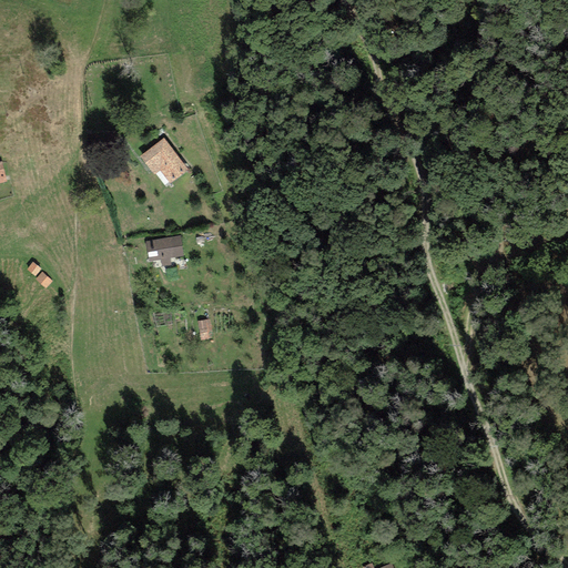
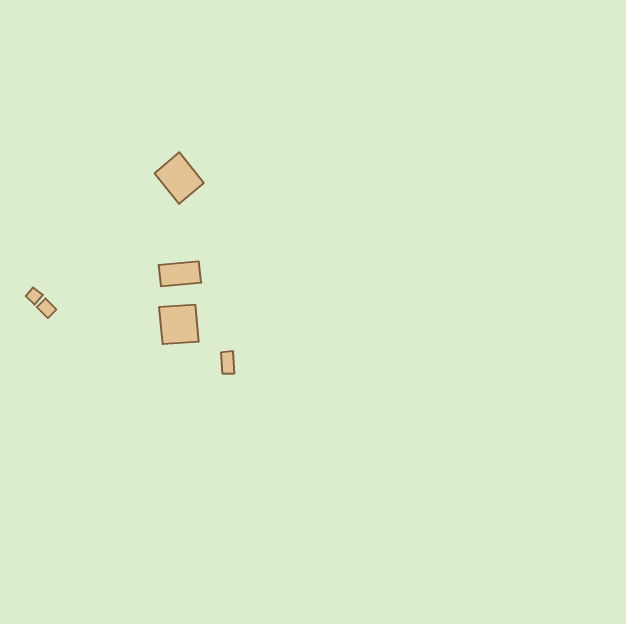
building: none -> [159,305,198,344]

